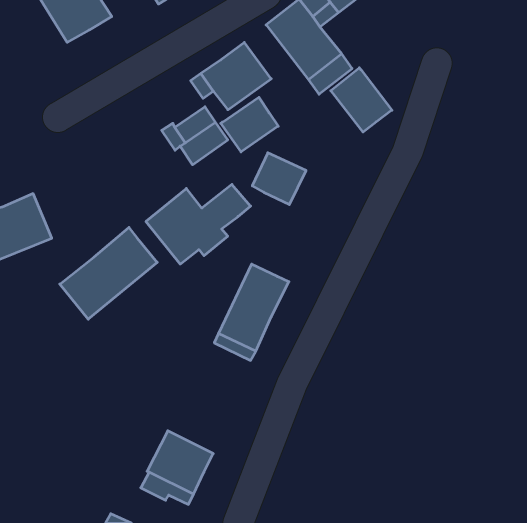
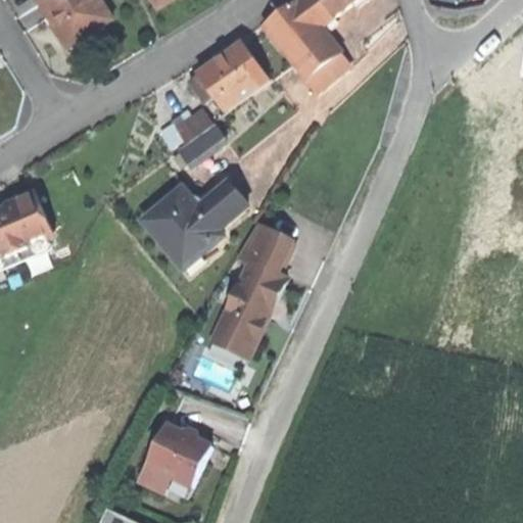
building: [331,68,392,132] -> none
building: [221,97,278,152] -> none
building: [252,153,306,205] -> [237,222,290,273]
building: [60,227,157,319] -> none

